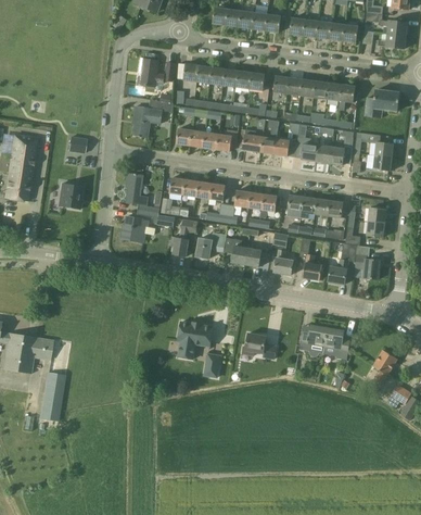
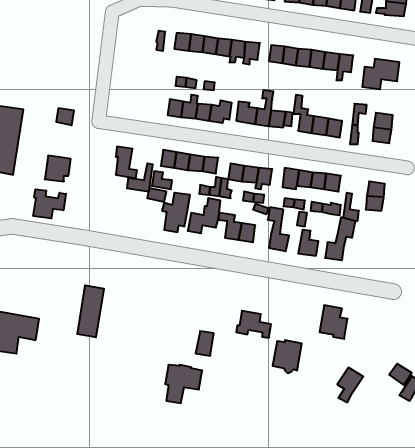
building: [136,59,163,89] -> none
building: [132,99,173,137] -> none
building: none -> [33,189,66,219]
building: [120,216,154,242] -> none
building: [355,246,380,279] -> none
building: [177,322,213,359] -> [165,365,202,403]
building: [298,324,327,355] -> [273,340,302,373]
building: [372,349,397,382] -> [337,368,363,402]
building: [39,372,65,422] -> [77,285,104,337]

